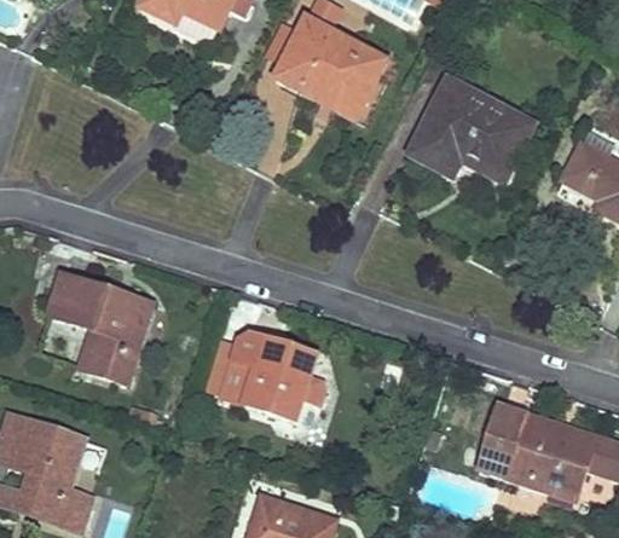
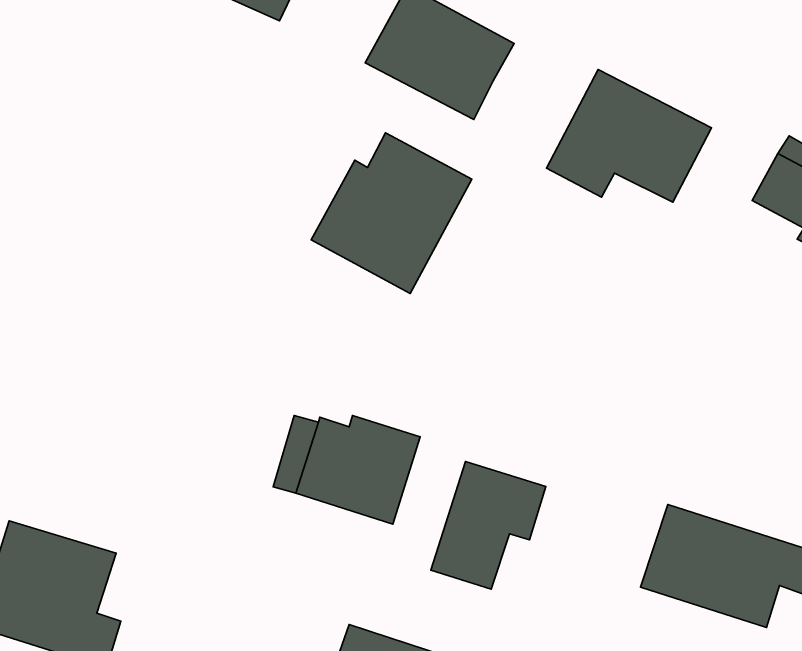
building: none -> [311,133,472,293]
building: [48,274,152,382] -> none
building: none -> [431,461,546,589]

